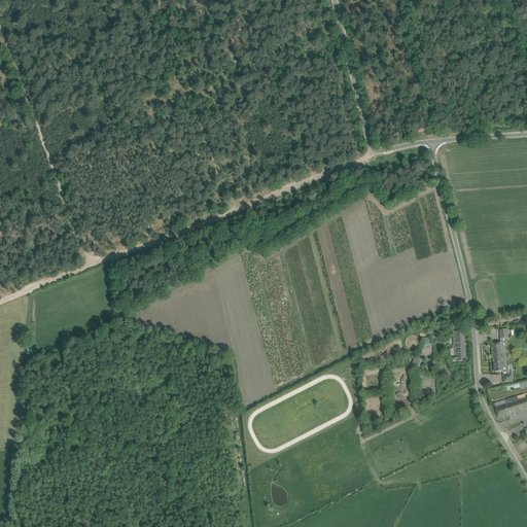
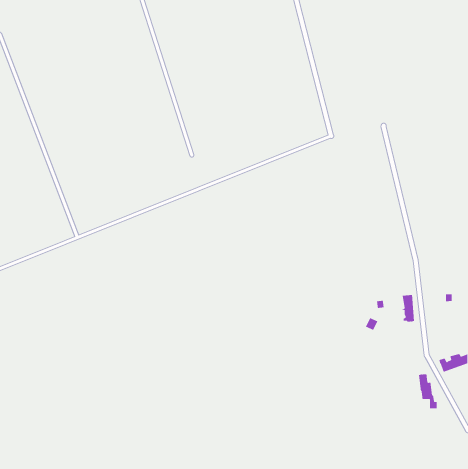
building: [490,343,512,382] -> [418,374,437,409]

